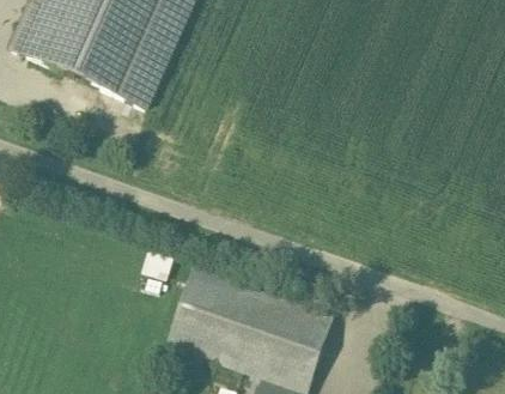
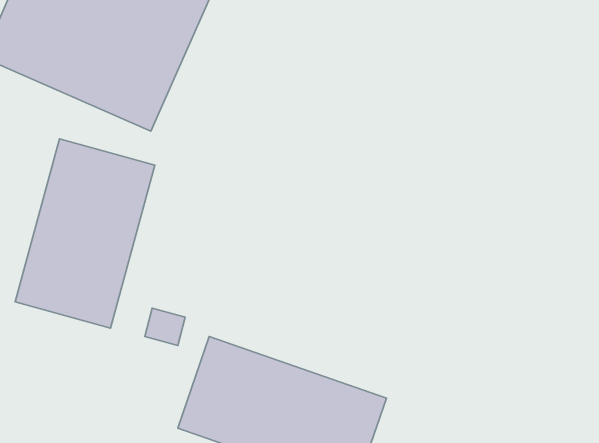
building: none -> [15,139,155,328]

